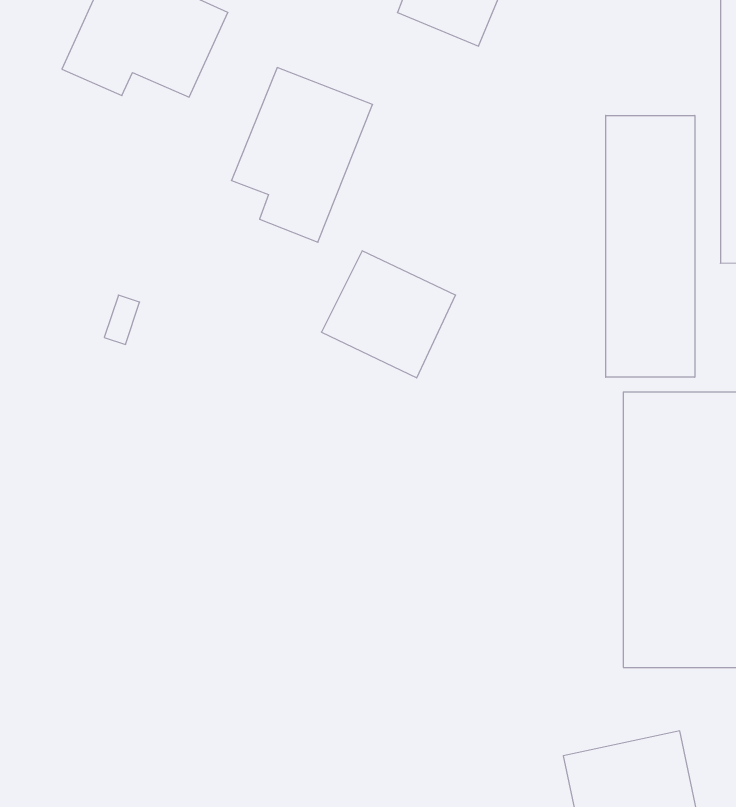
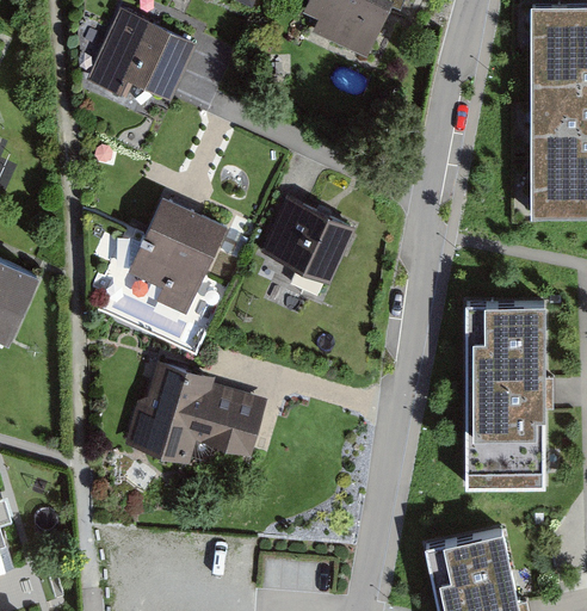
building: [231,68,373,242] -> [129,203,224,321]
building: [606,115,695,377] -> none
building: none -> [125,360,267,464]

